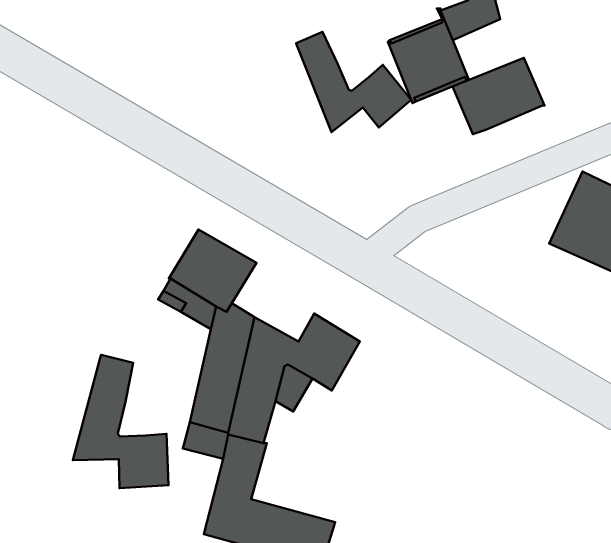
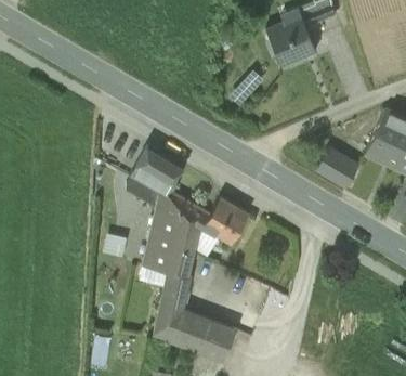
building: [296,32,411,132] -> none
building: [452,58,544,134] -> none
building: none -> [316,147,361,189]
building: [73,355,169,488] -> none

